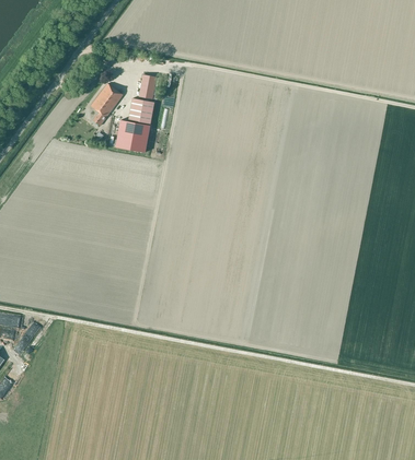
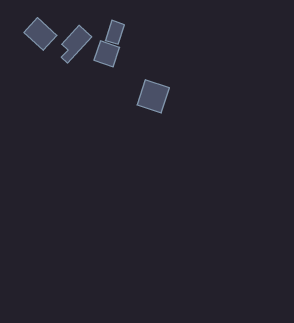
building: none -> [24,18,57,50]
building: [122,120,154,154] -> [137,80,169,113]

